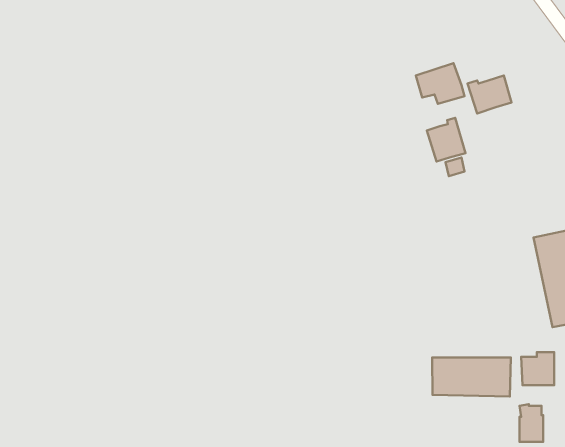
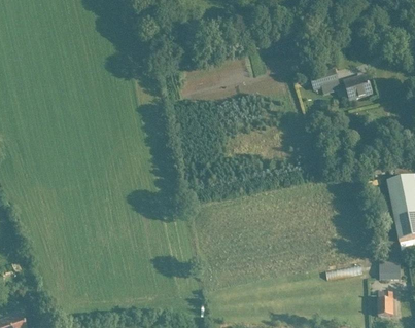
building: [427,118,465,162] -> none
building: [432,357,511,396] -> none

